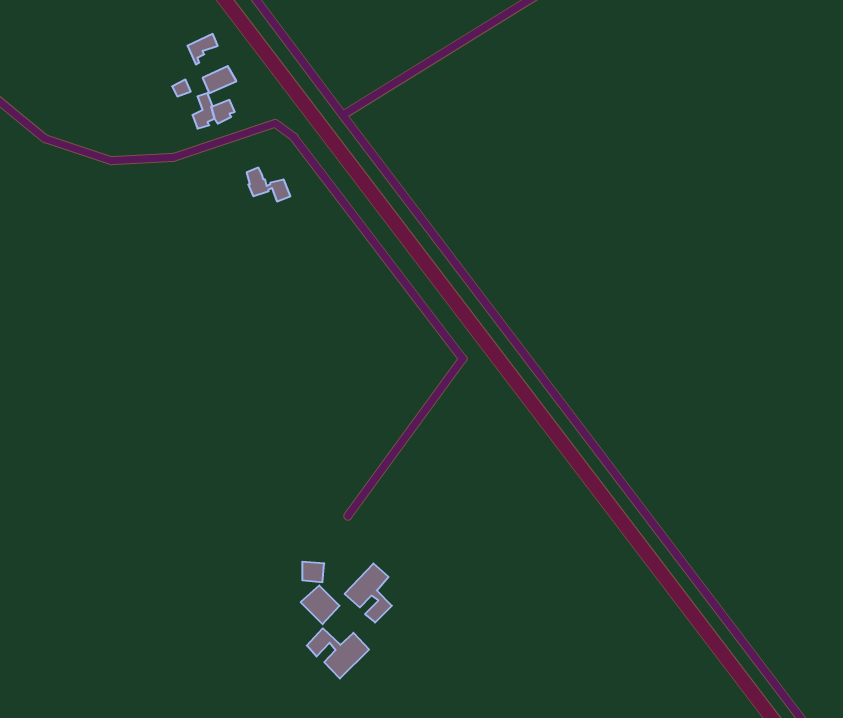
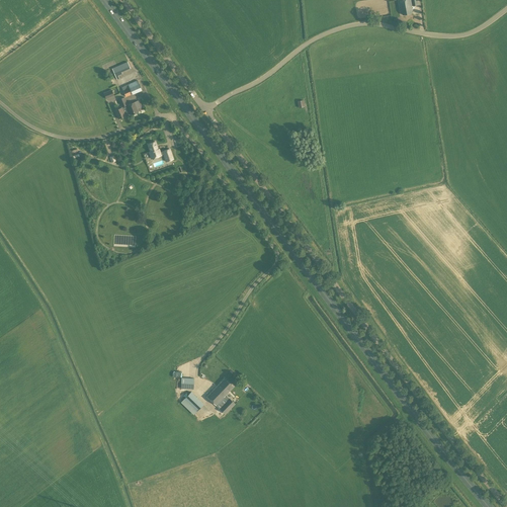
building: [307,628,369,679] -> none

